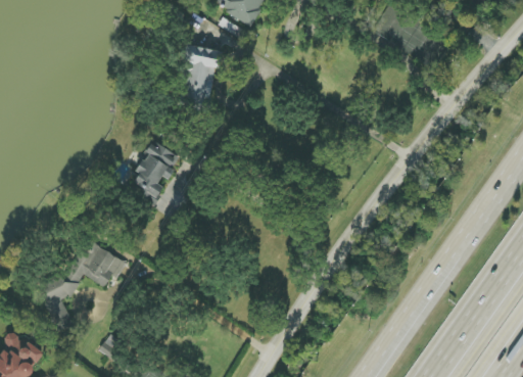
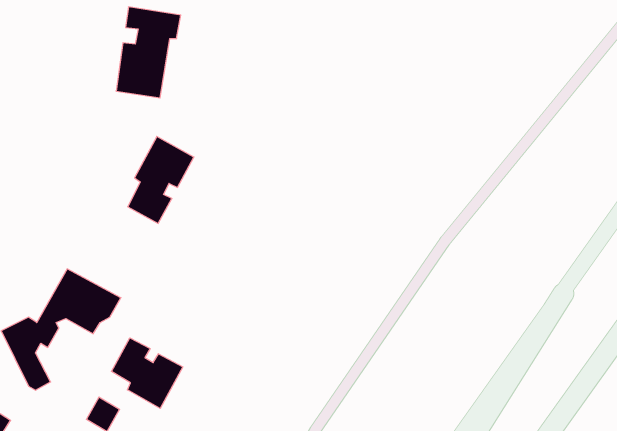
building: [175,44,223,111] -> [116,7,181,98]
building: none -> [111,338,183,408]

